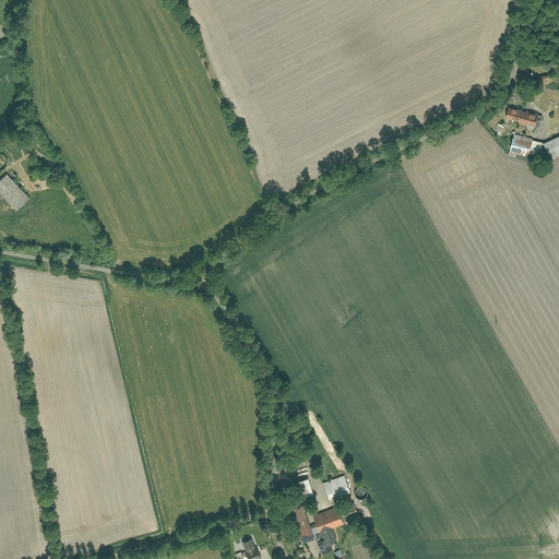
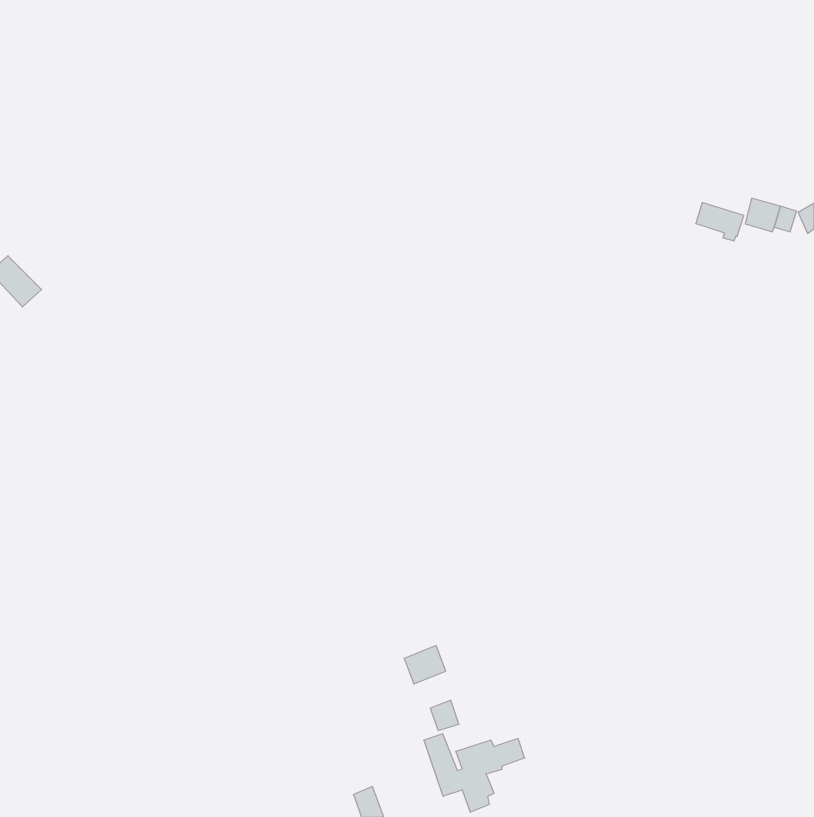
building: [507,105,539,131] -> [696,203,744,241]
building: [320,472,348,498] -> [404,646,446,684]

